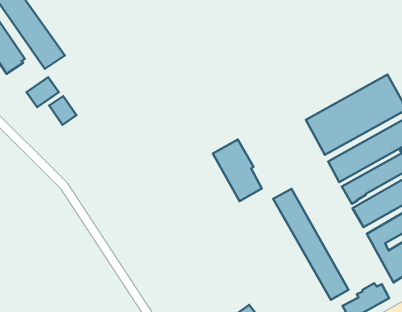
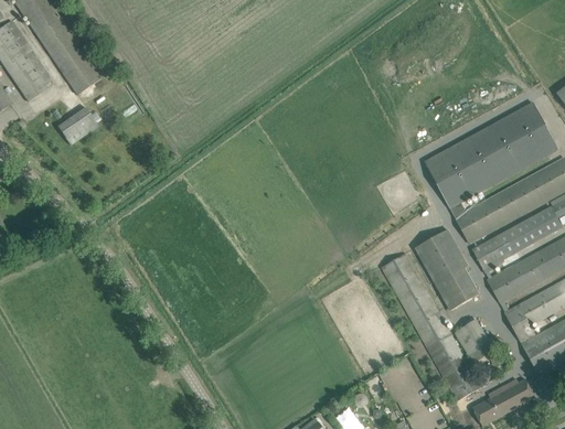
building: [49,96,77,125] -> none
building: [213,139,262,201] -> [414,229,479,311]
building: none -> [454,317,501,363]

